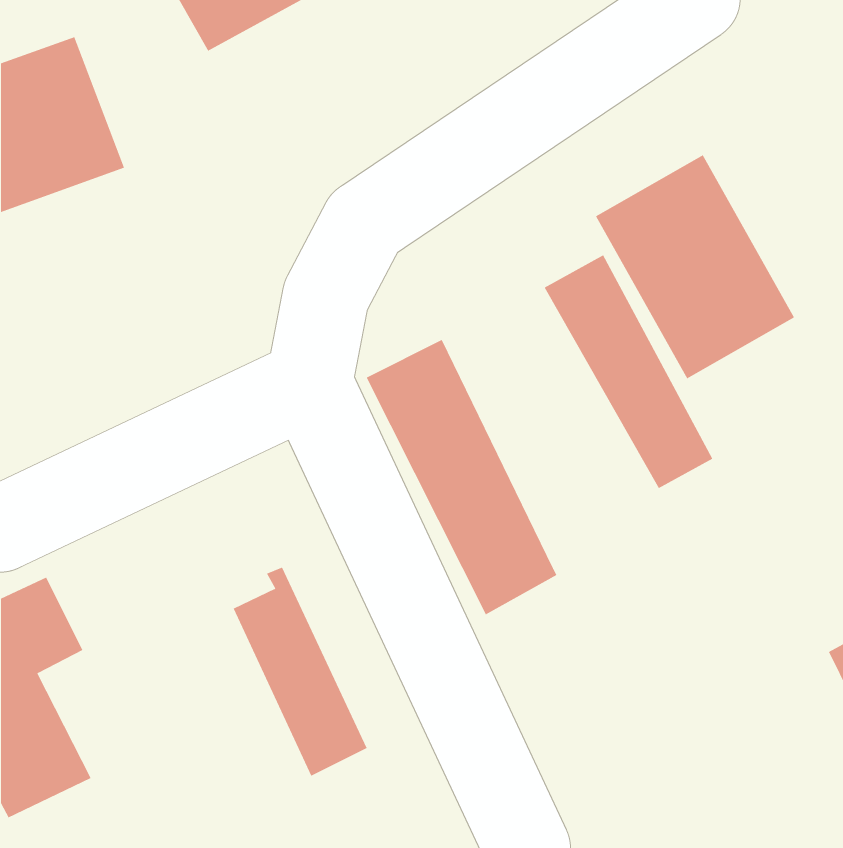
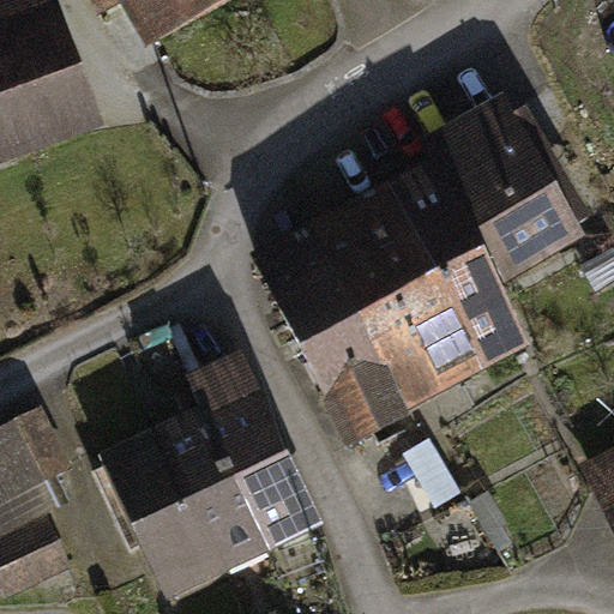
building: none -> [324,207,480,410]
building: none -> [198,365,313,540]
building: none -> [100,439,229,585]

